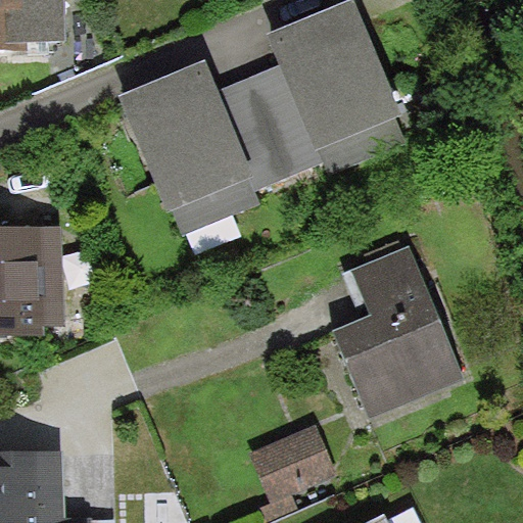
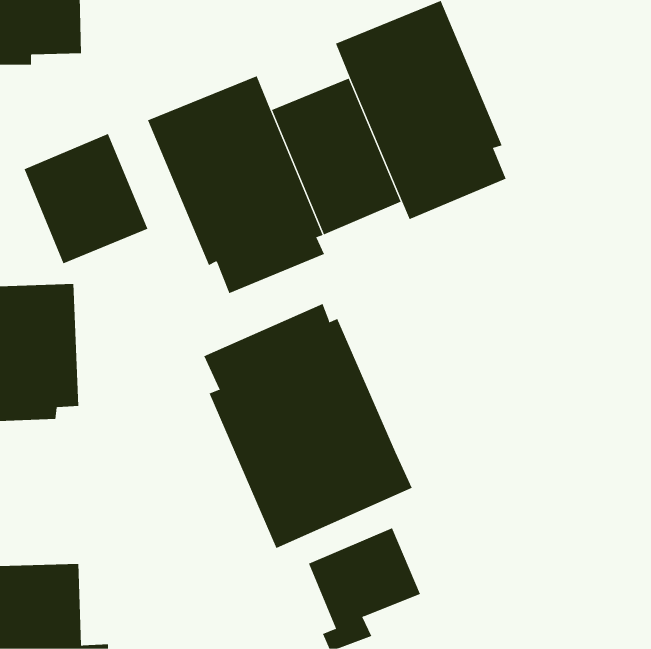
building: none -> [24,133,148,264]
building: none -> [204,303,412,549]
building: [331,244,465,418] -> none

